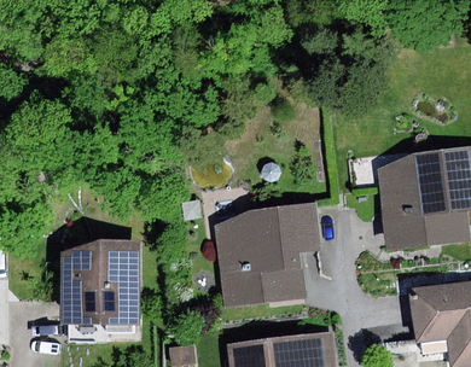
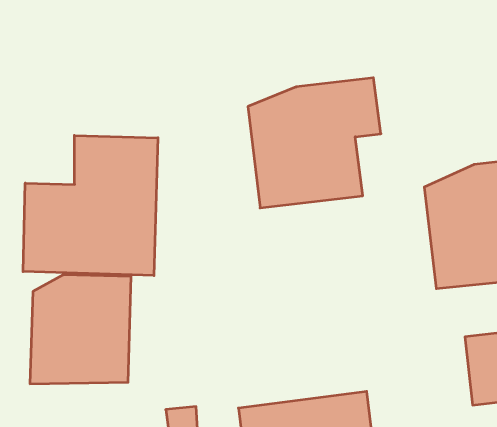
building: none -> [23,135,158,276]
building: [214,203,320,307] -> [248,78,381,208]

